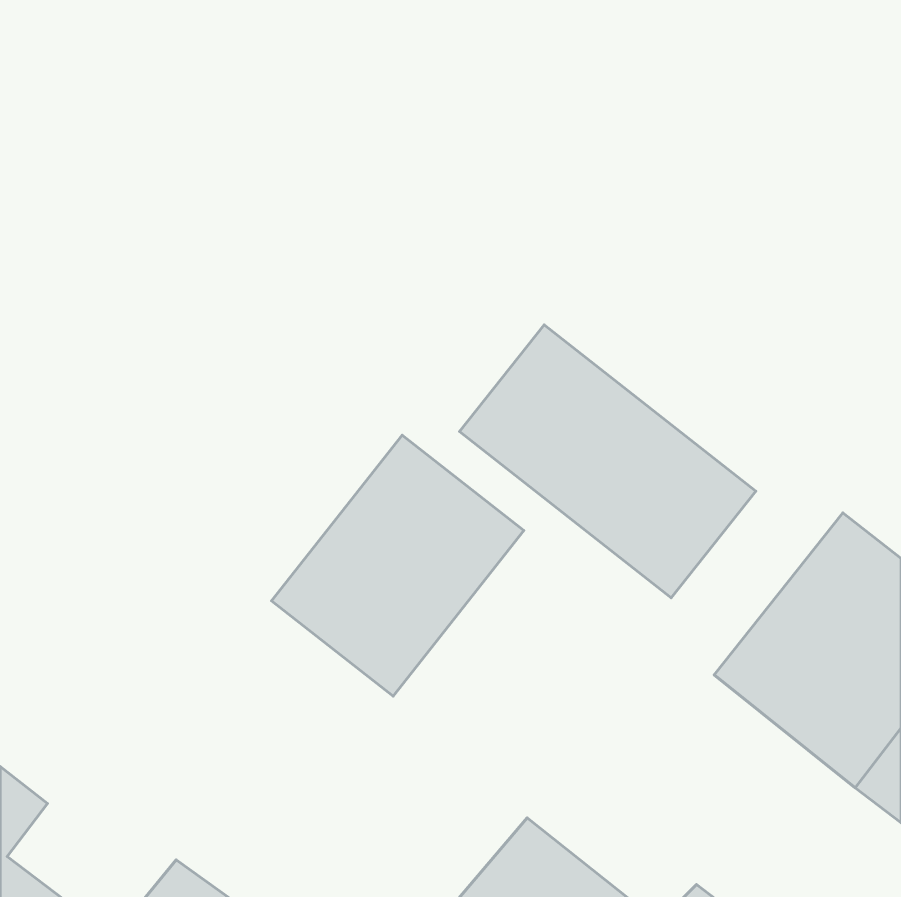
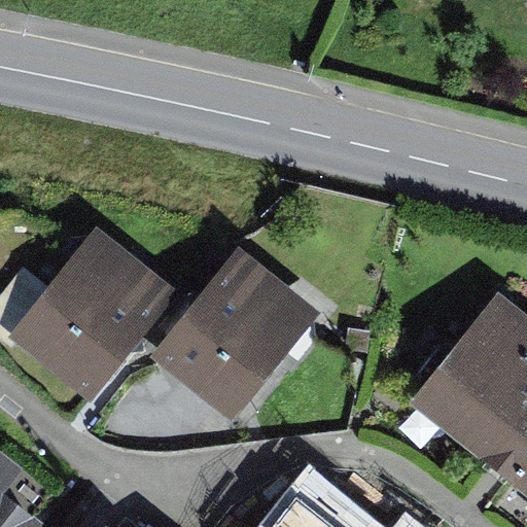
building: [459,325,756,598] -> none
building: none -> [17,233,169,389]

